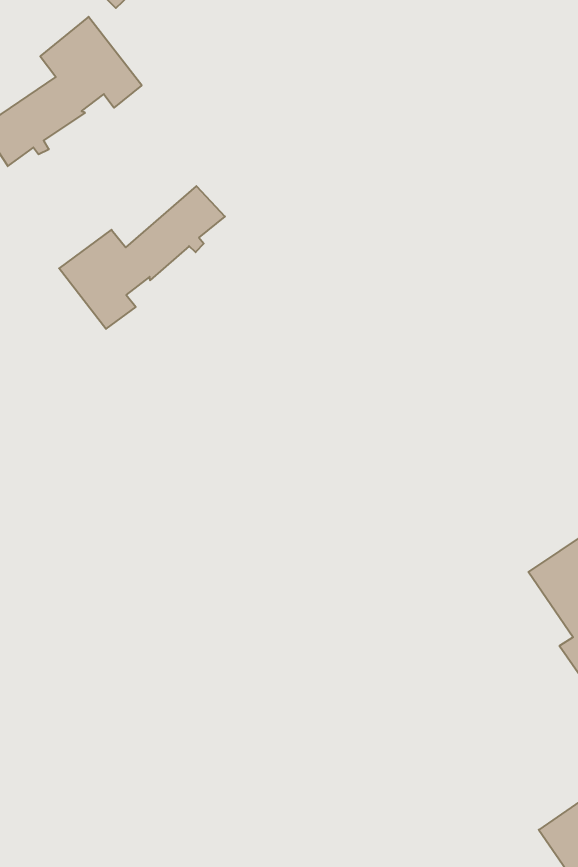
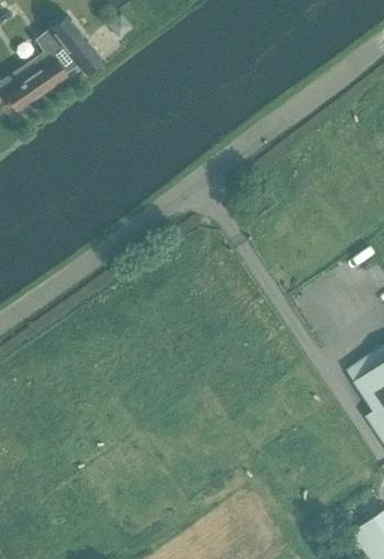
building: [59,186,225,329] -> none

